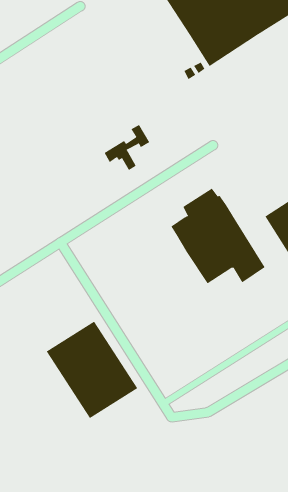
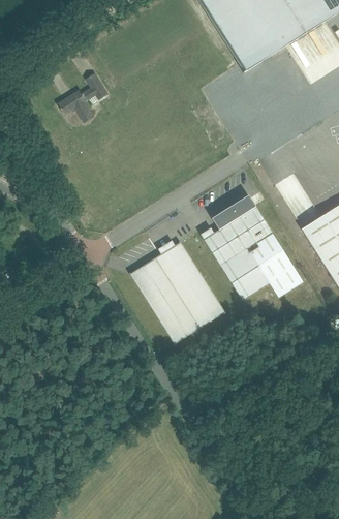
building: [104,124,150,171] -> [58,72,106,121]
building: [46,321,138,419] -> [129,240,225,342]

